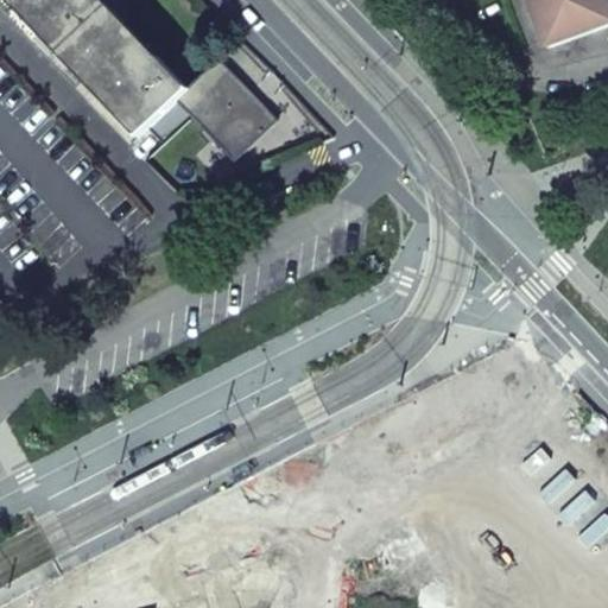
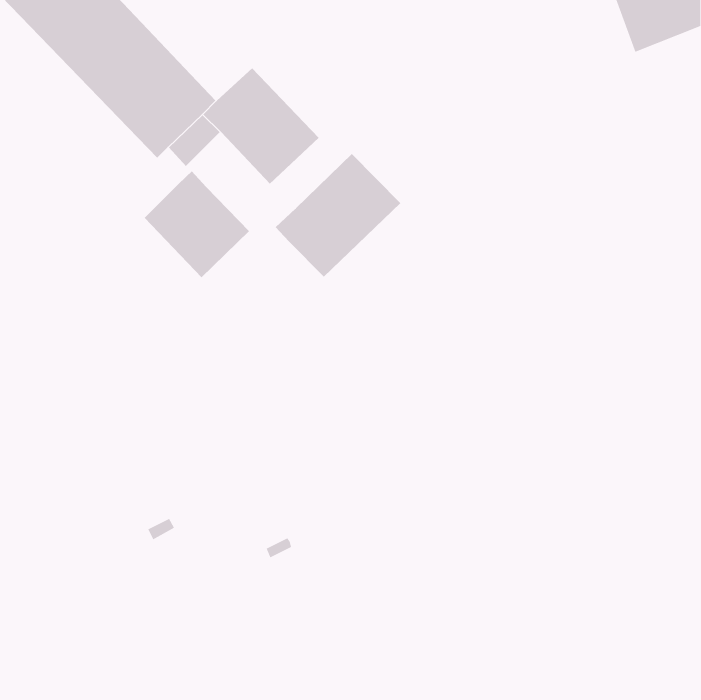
building: none -> [275,153,401,277]
building: none -> [144,171,250,278]

